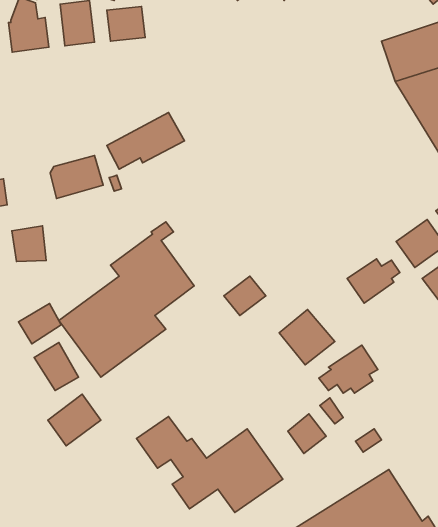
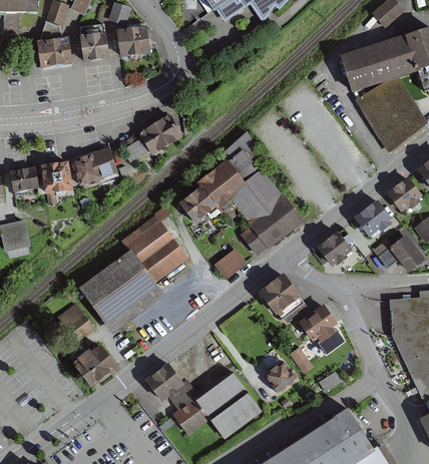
building: none -> [174,132,303,257]
building: [12,226,46,262] -> [42,162,70,191]
building: [19,303,61,344] -> none

